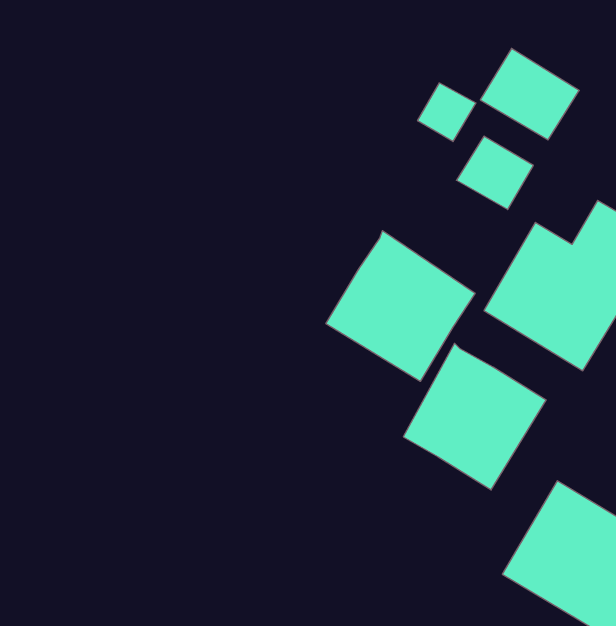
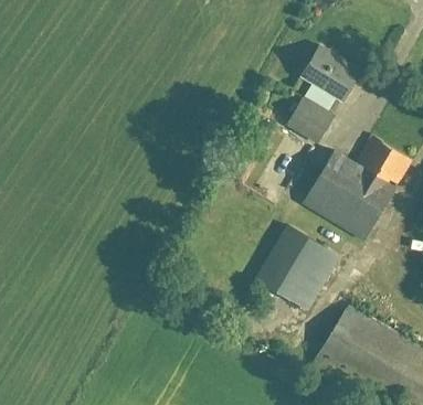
building: [418,83,476,142] -> none
building: [326,231,475,381] -> none

